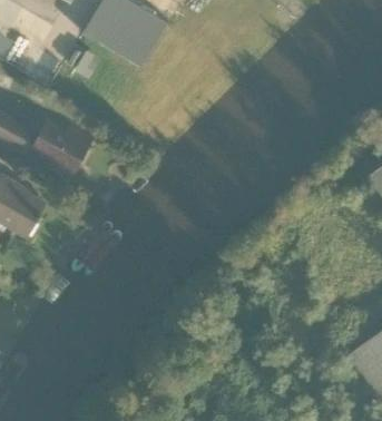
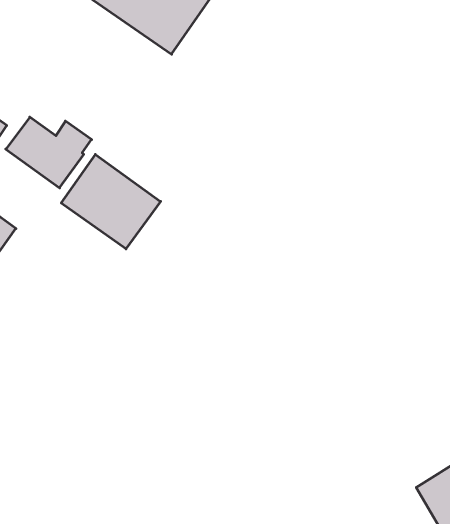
building: none -> [61,154,161,249]

